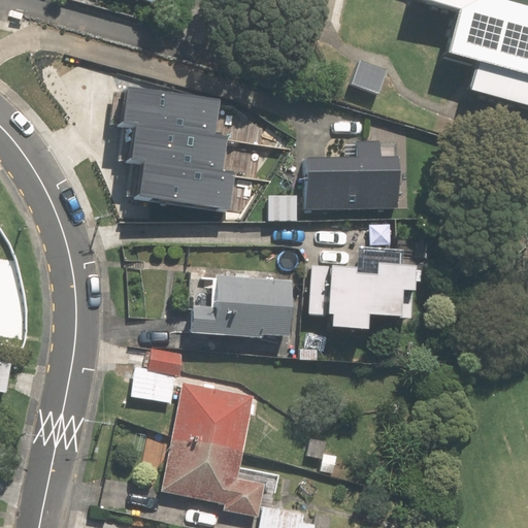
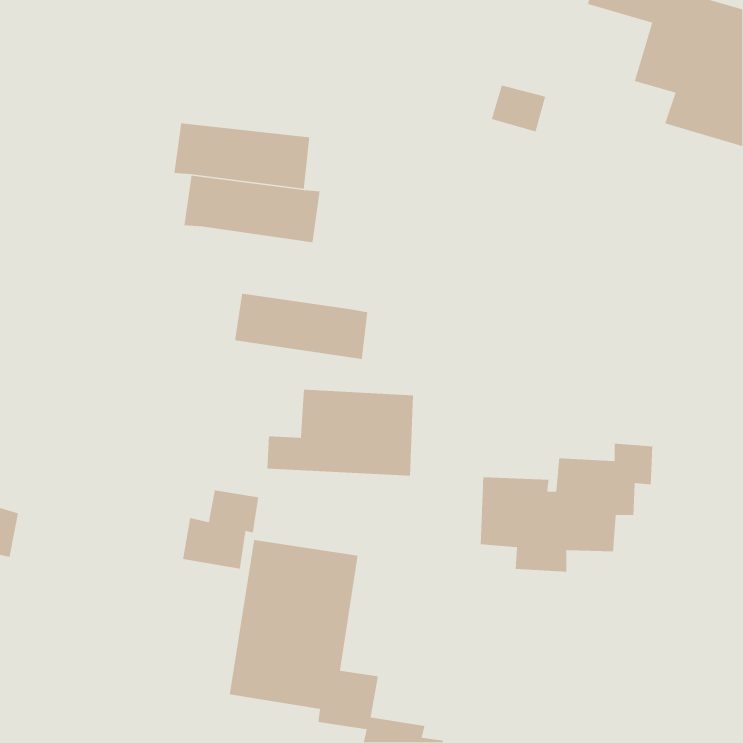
building: [303,142,396,209] -> none
building: [138,161,233,208] -> [234,293,368,360]
building: [307,239,430,331] -> [480,443,653,573]

